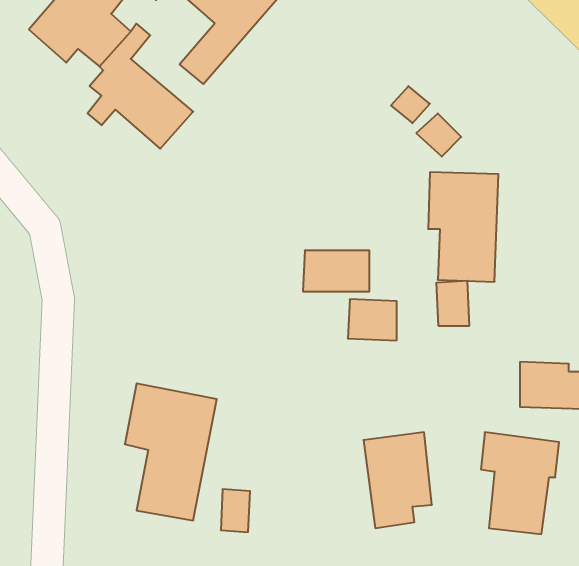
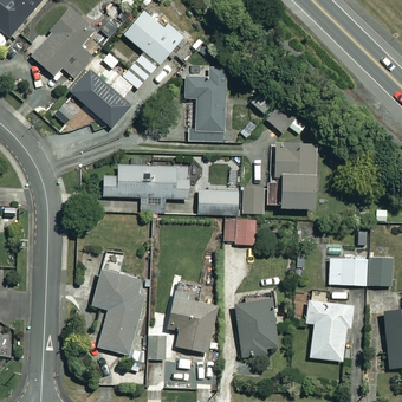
building: none -> [183,67,225,141]
building: none -> [103,166,188,213]
building: [436,281,469,326] -> [244,186,264,213]
building: none -> [167,281,218,352]

